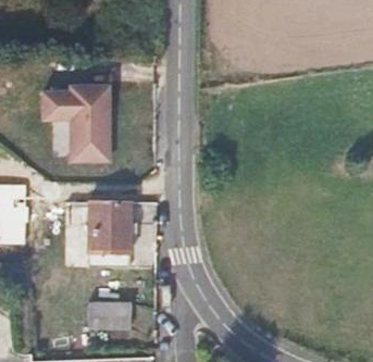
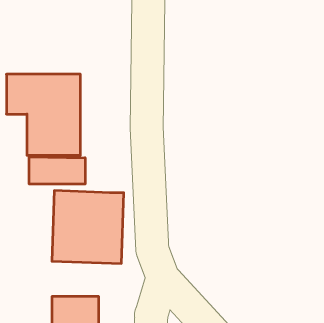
building: none -> [29,157,85,184]

